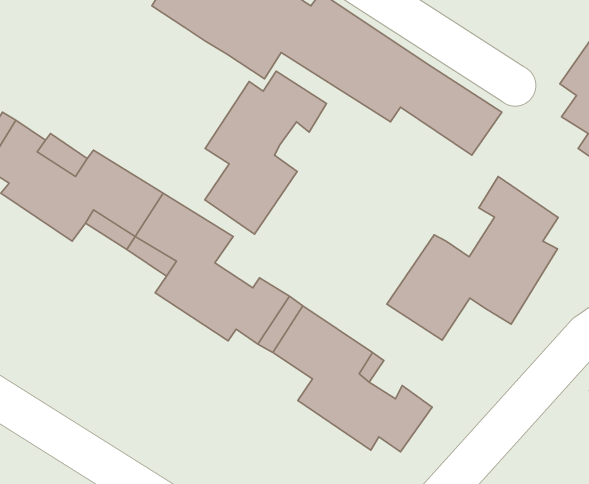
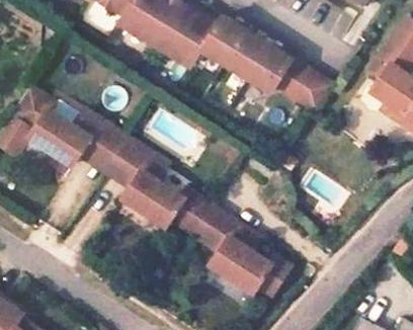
building: [205,71,327,234] -> none
building: [387,177,558,340] -> none

